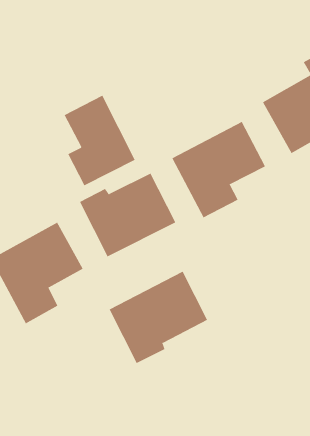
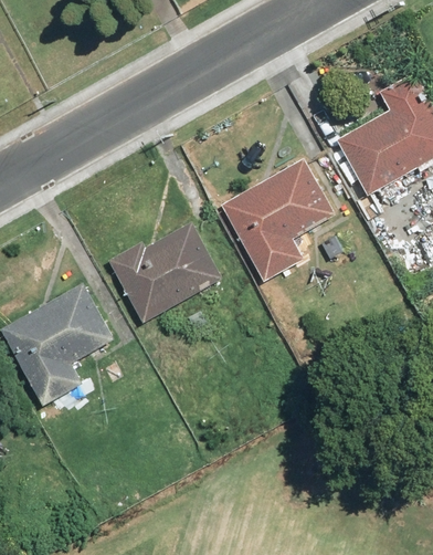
building: [64,95,136,186] -> none
building: [109,271,208,364] -> none

